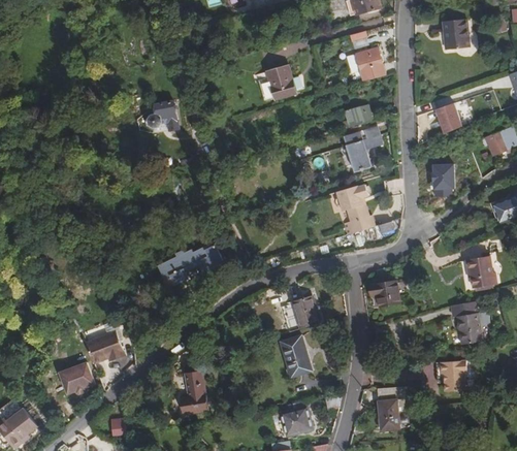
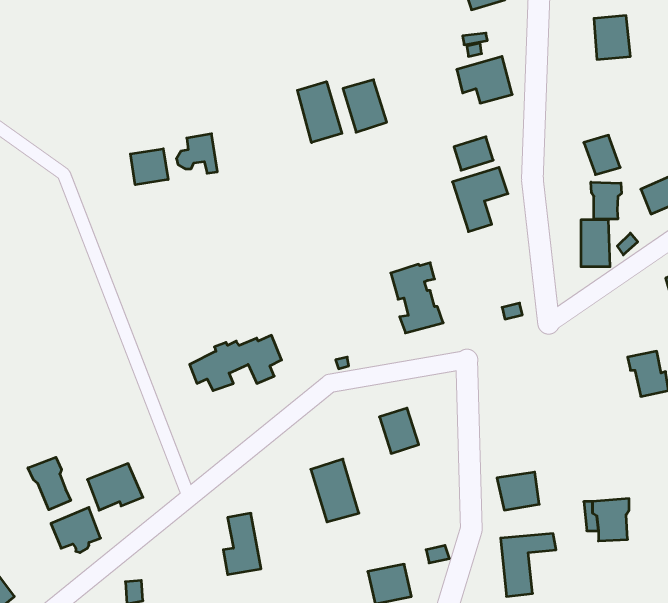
building: none -> [297,82,342,143]
building: none -> [130,149,168,185]
building: none -> [591,182,621,219]
building: [336,185,374,234] -> [391,263,443,333]
building: [369,280,399,307] -> [497,472,539,510]
building: [450,303,482,344] -> none
building: none -> [28,457,71,510]
building: [279,333,313,378] -> [311,459,359,522]

